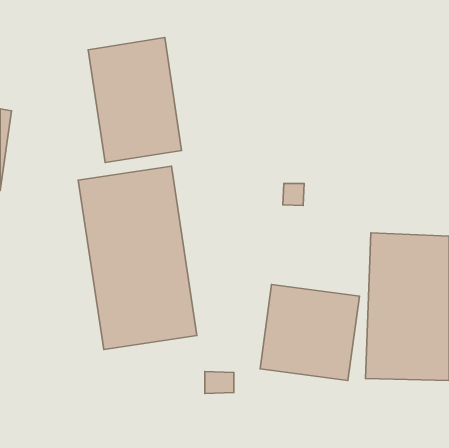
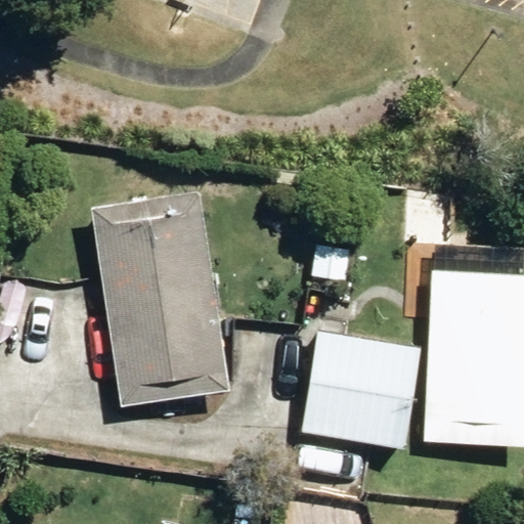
building: [88,38,182,162] -> none

